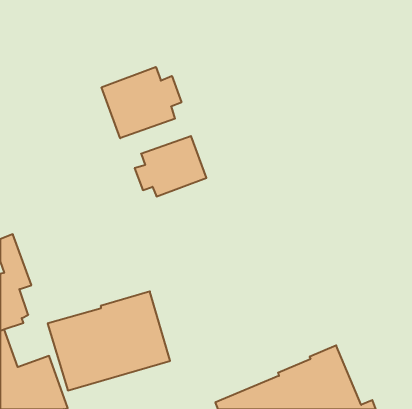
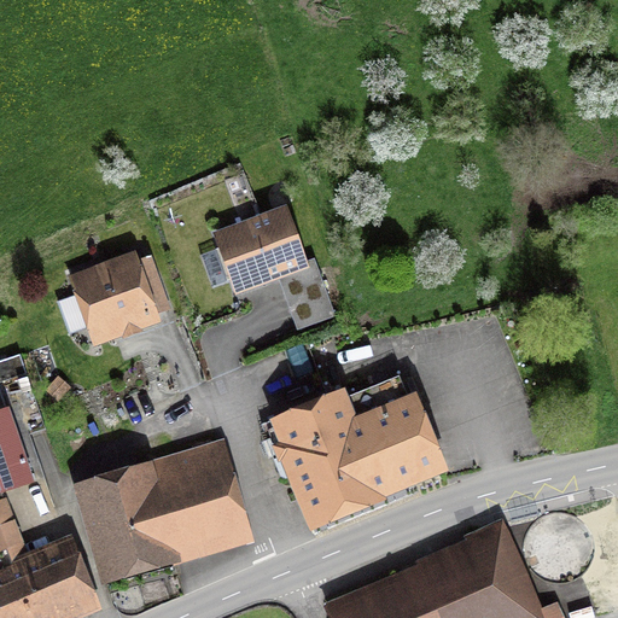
building: [102,67,181,138] -> none
building: none -> [52,250,161,345]
building: none -> [269,374,449,534]

